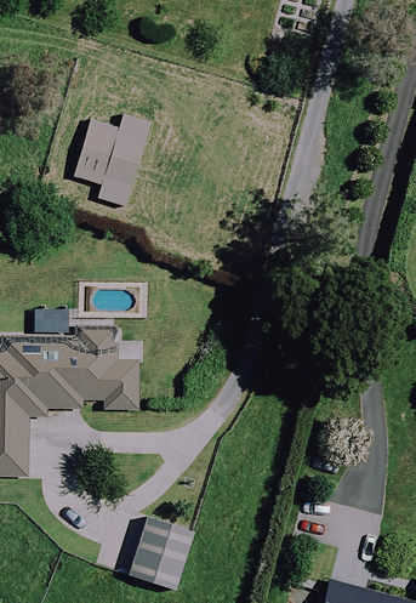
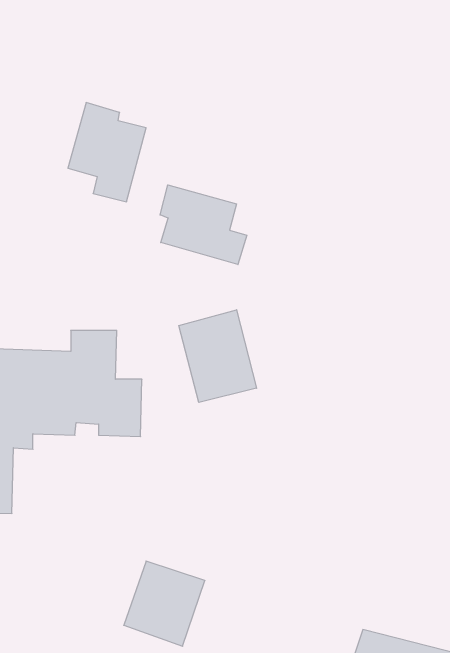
building: none -> [160,185,247,265]
building: none -> [179,310,257,402]

